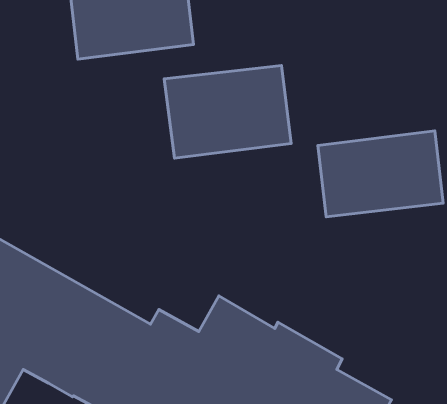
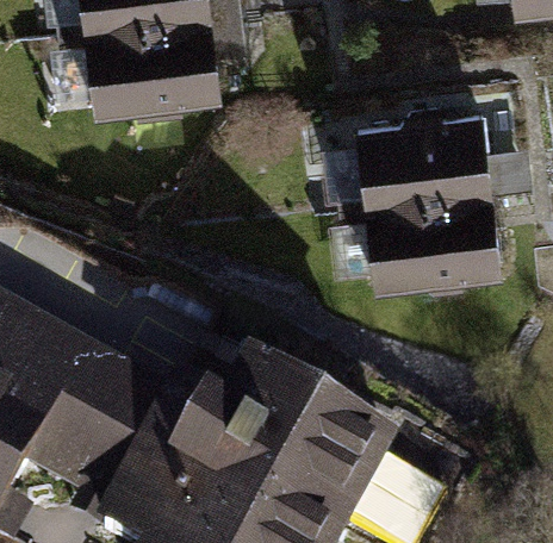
building: none -> [354,100,496,199]
building: [164,65,291,158] -> none

